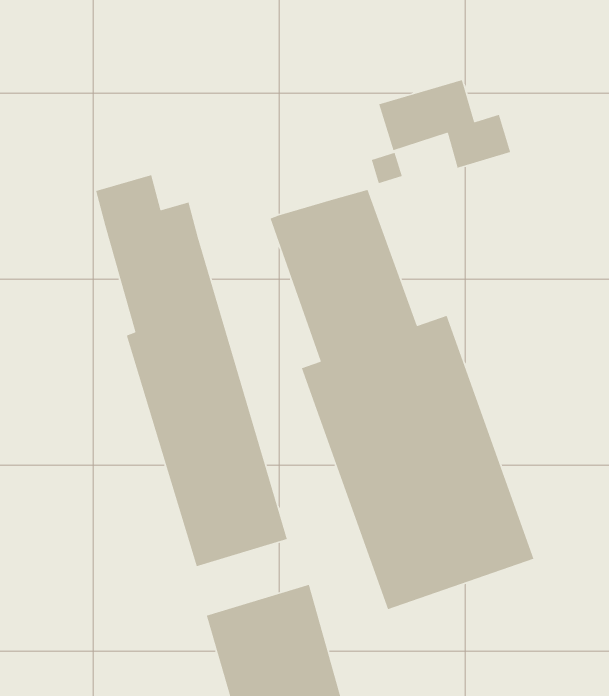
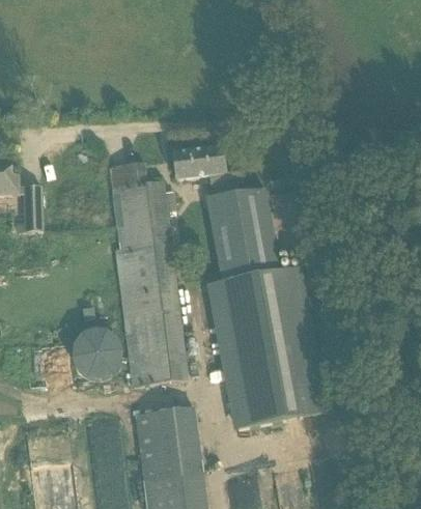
building: [378,79,511,169] -> [173,146,244,196]
building: none -> [73,328,123,378]

